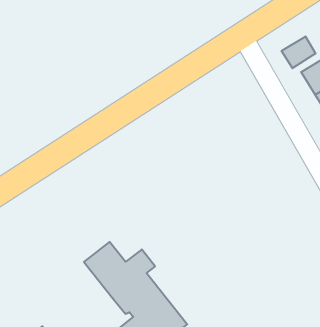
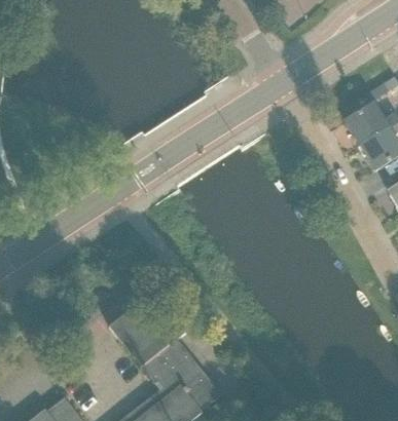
building: [282,36,316,68] -> none

